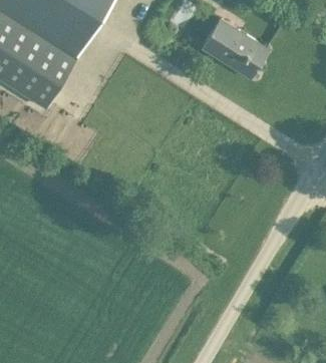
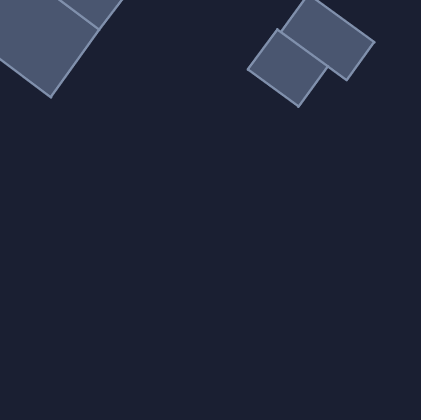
building: none -> [248,29,328,107]

